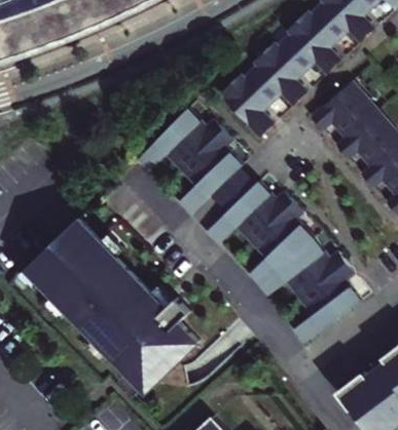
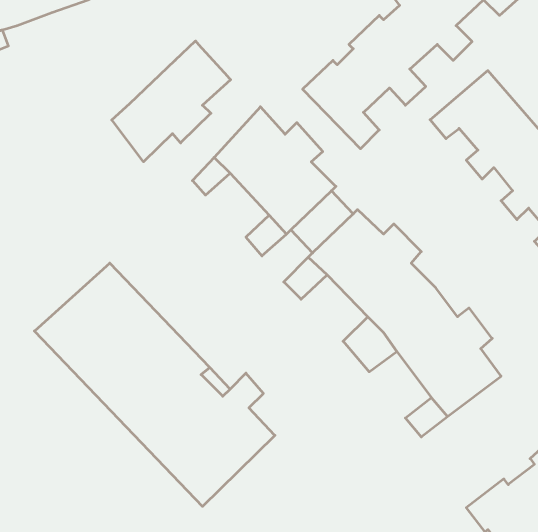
building: none -> [112,41,231,162]

